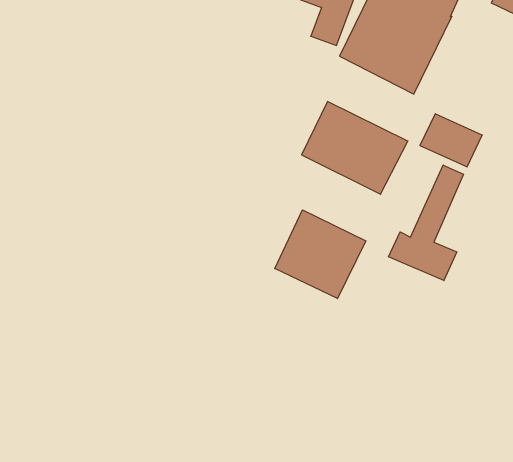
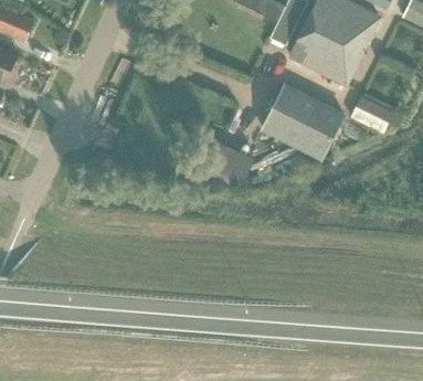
building: [389,165,464,281] -> none
building: [275,210,366,299] -> none

